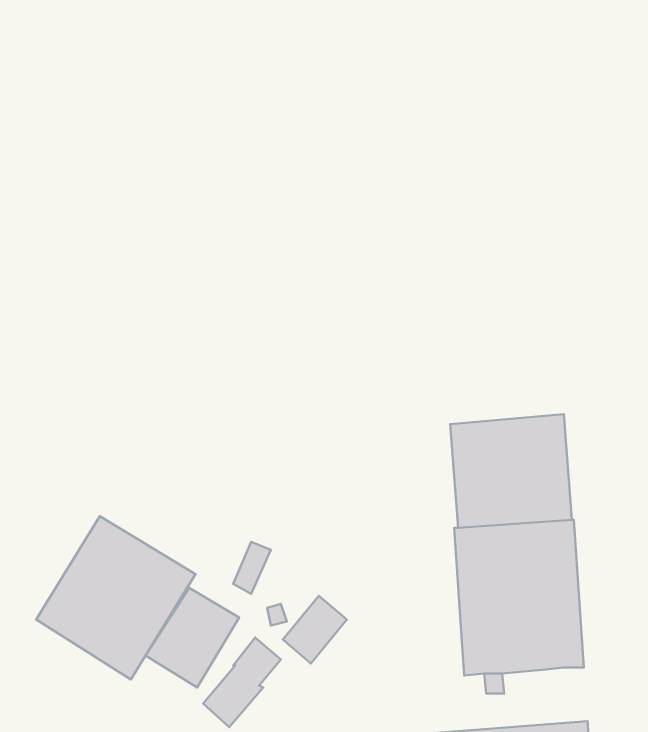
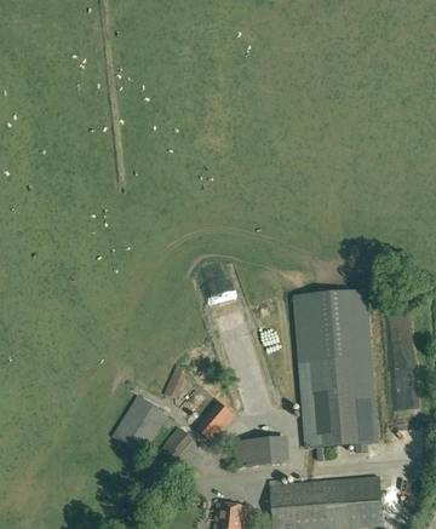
building: [36,516,196,680] -> none
building: none -> [235,437,282,466]

